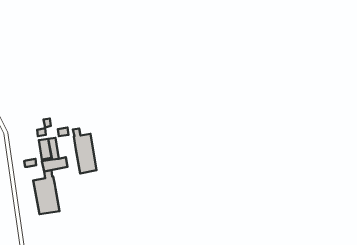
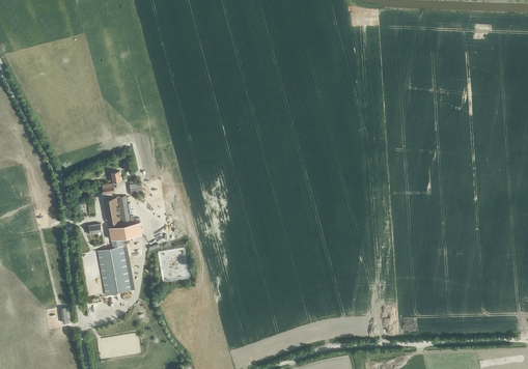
building: [73,129,96,174] -> none

